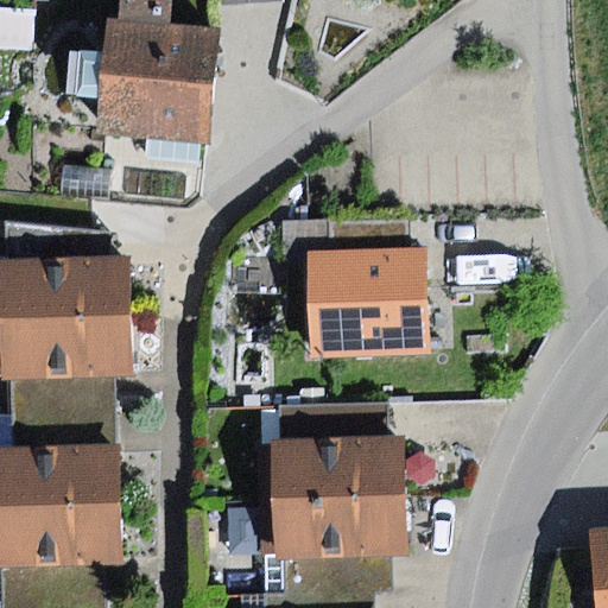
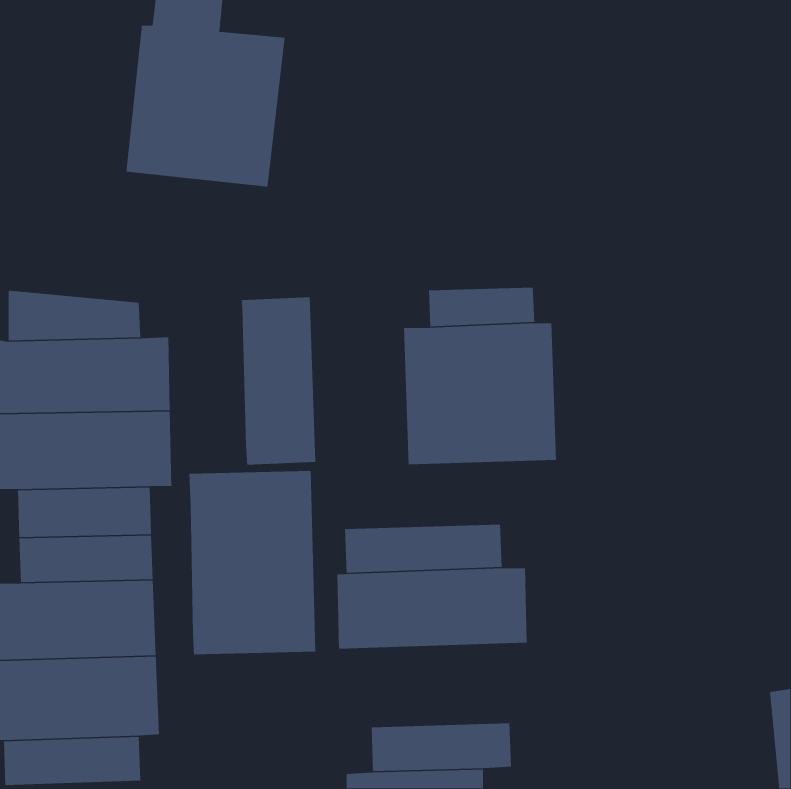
building: none -> [241,296,316,466]
building: none -> [188,470,316,655]
building: [259,493,406,558] -> none

